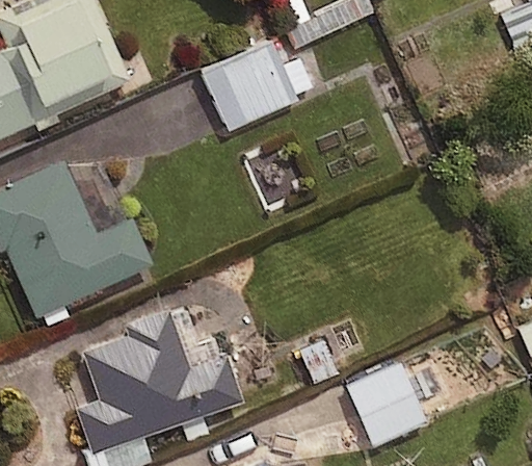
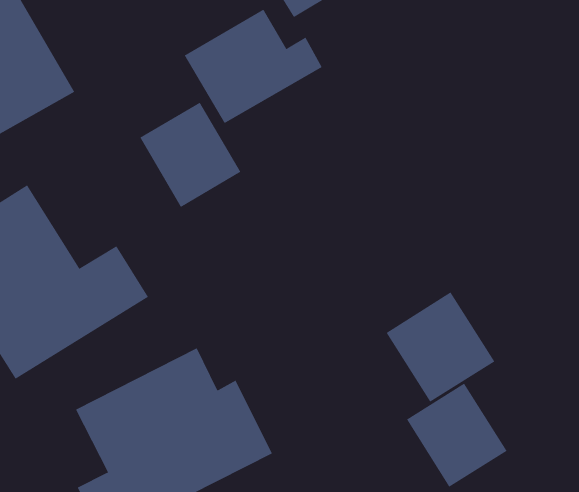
building: none -> [140,102,241,208]
building: none -> [386,291,495,403]

